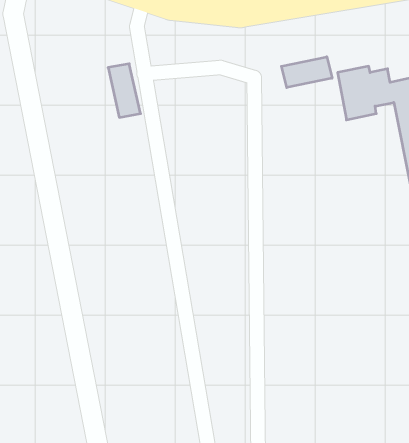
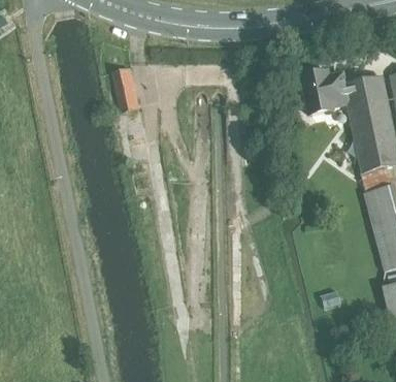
building: [281,57,332,88] -> none

